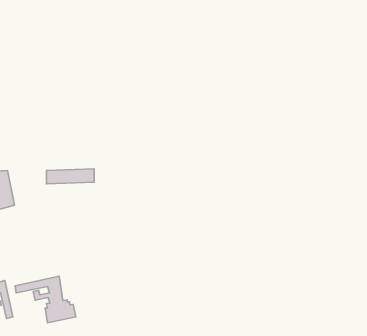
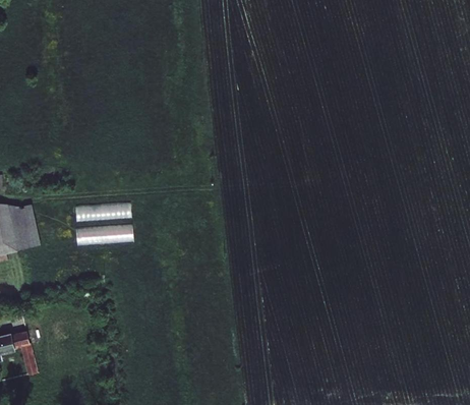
building: none -> [74,226,131,243]
building: [15,276,76,323] -> none

